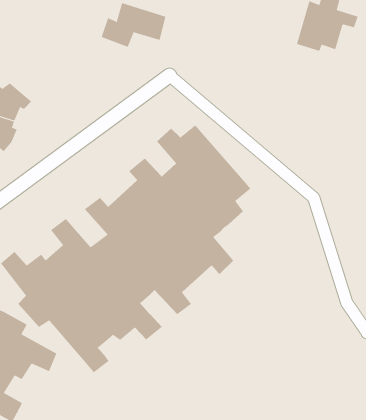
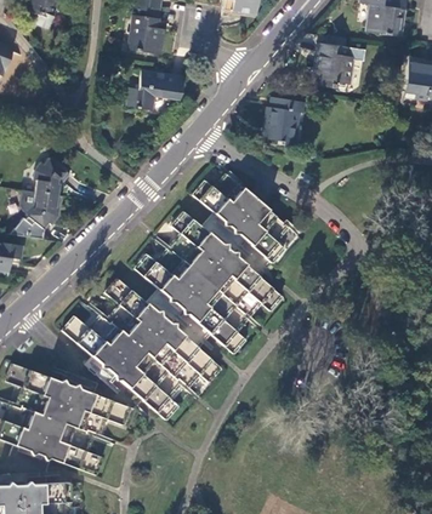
building: none -> [261,99,303,148]

